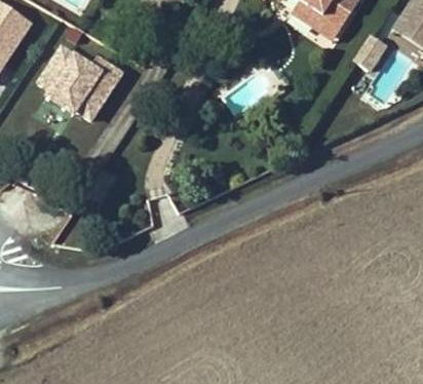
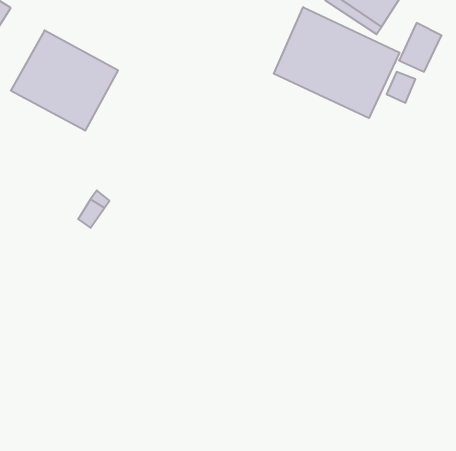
building: none -> [274,7,399,118]

